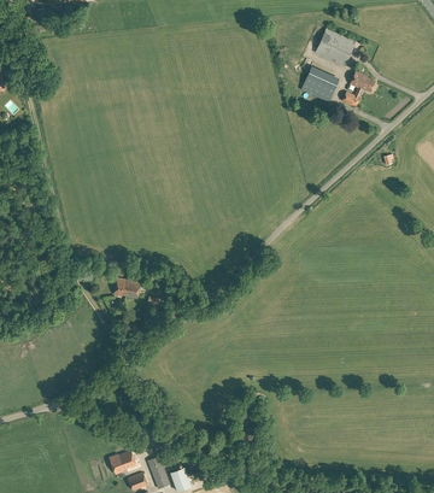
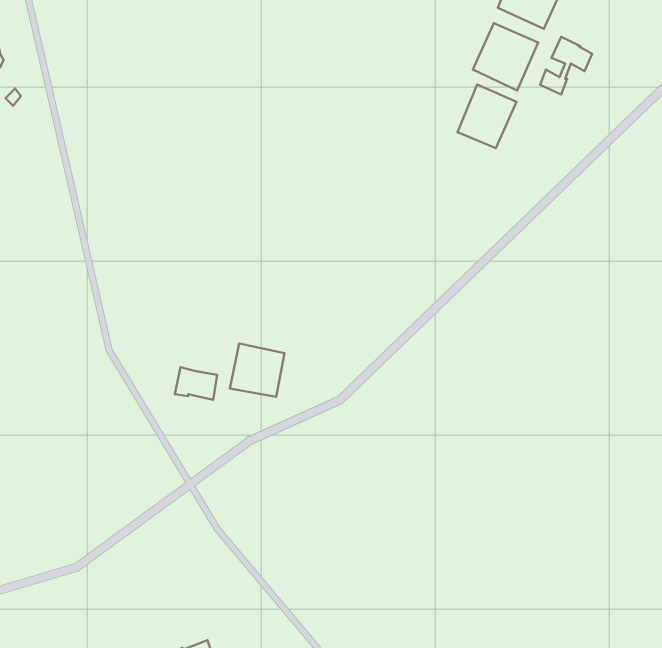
building: none -> [457,85,516,148]
building: none -> [230,343,285,397]

